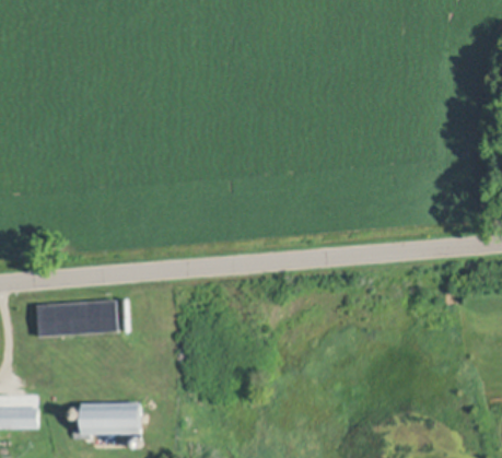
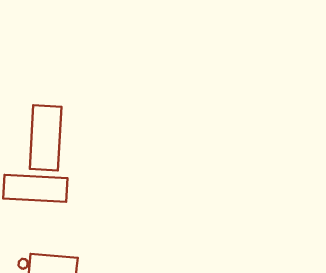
building: none -> [30,105,61,170]

